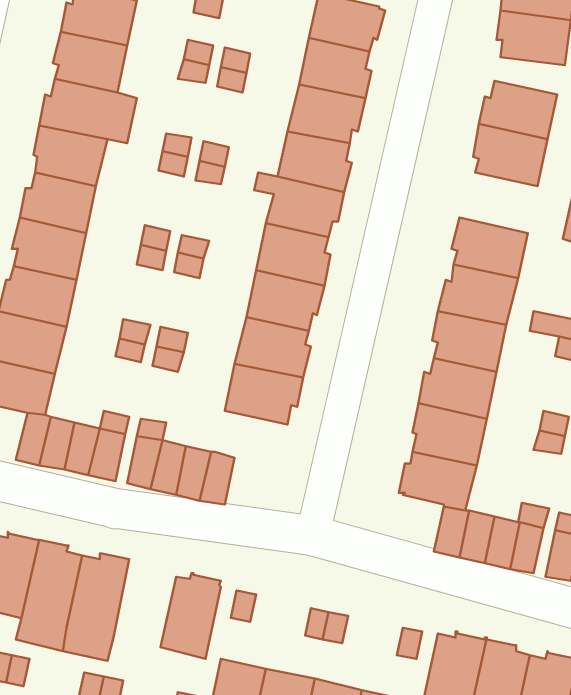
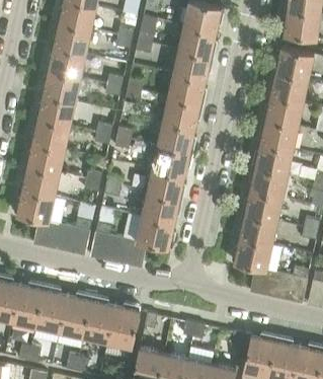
building: none -> [262,94,303,126]
building: none -> [136,218,175,247]
building: none -> [83,295,115,340]

